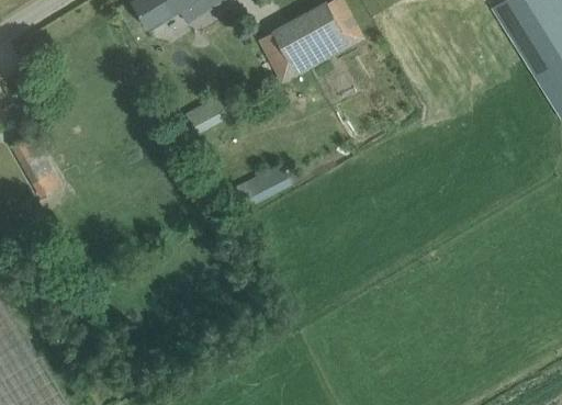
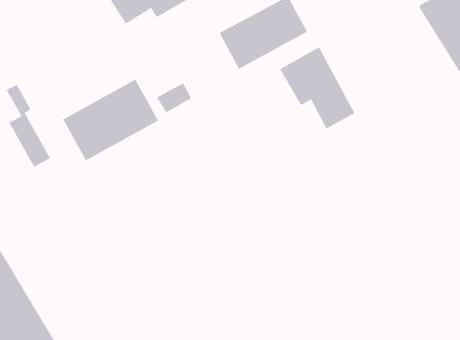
building: none -> [280,47,355,129]
building: none -> [62,79,159,161]
building: [231,165,290,210] -> none

